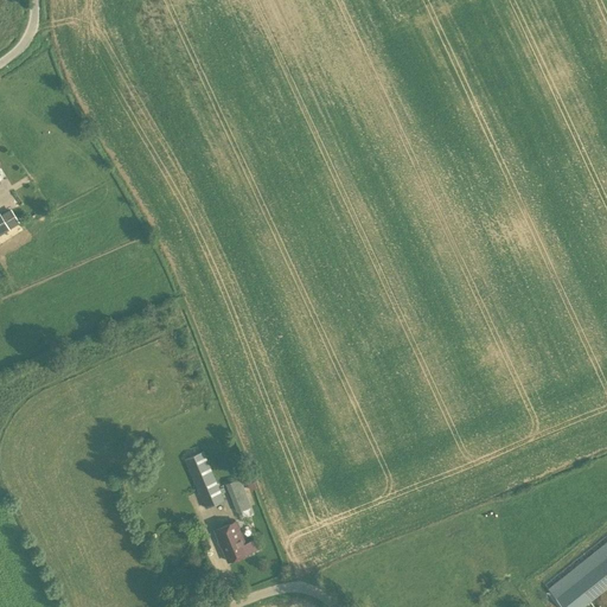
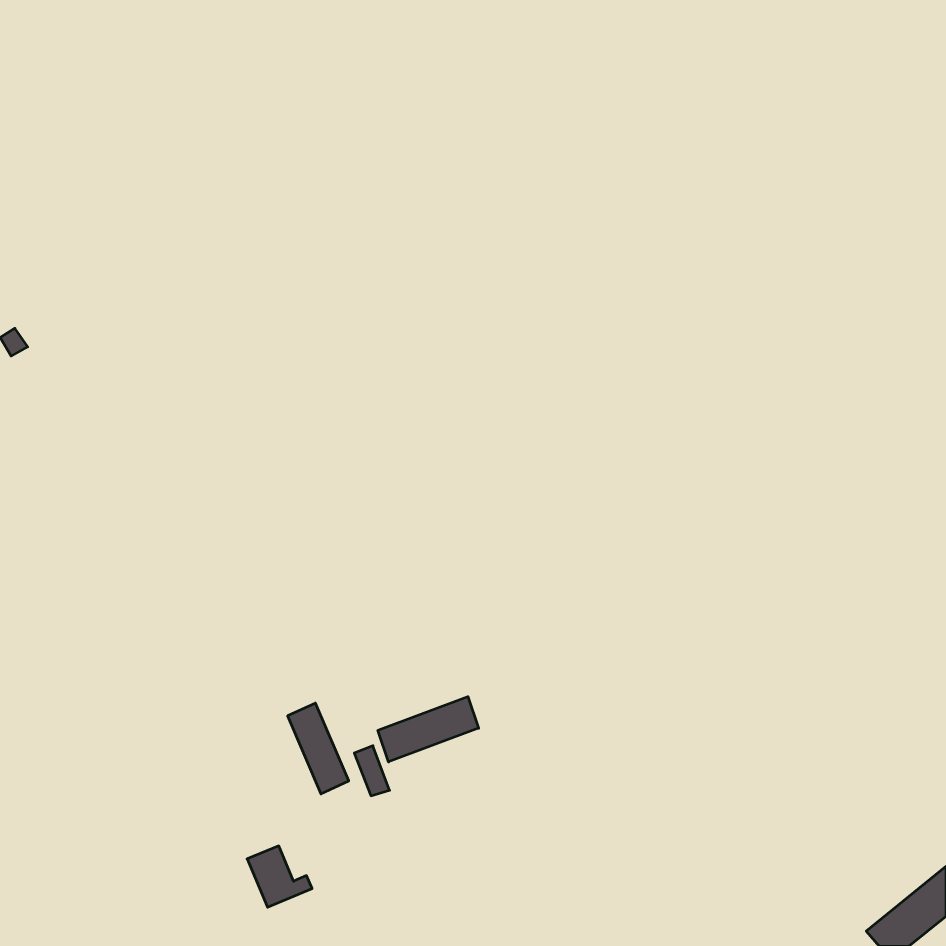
building: none -> [378,697,479,762]
building: [215,520,256,560] -> [247,846,312,907]

